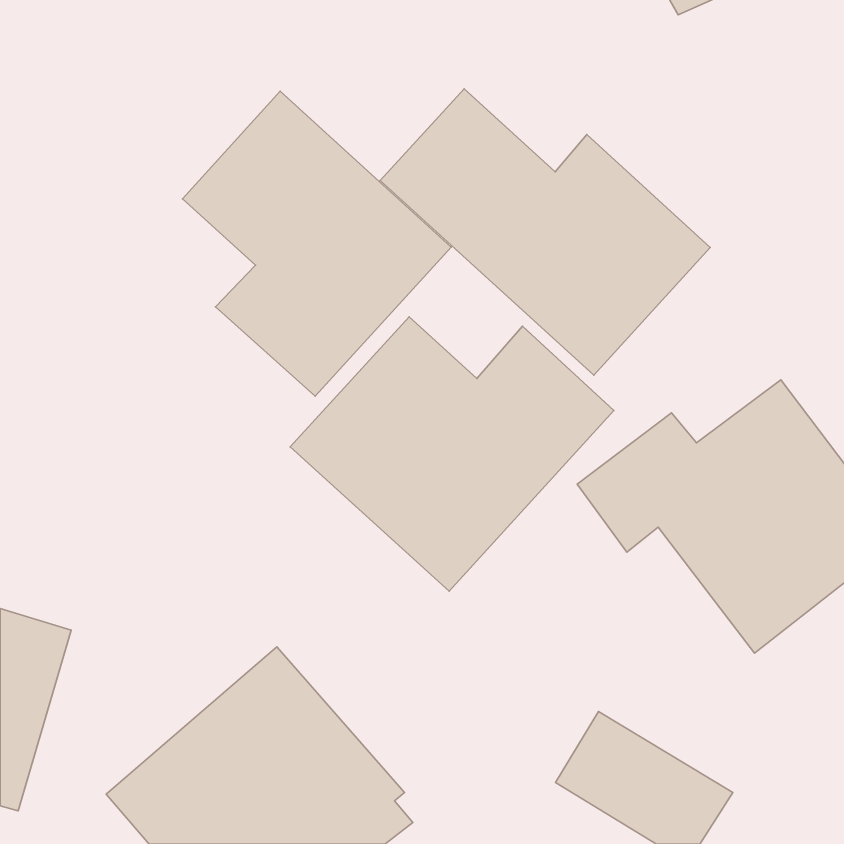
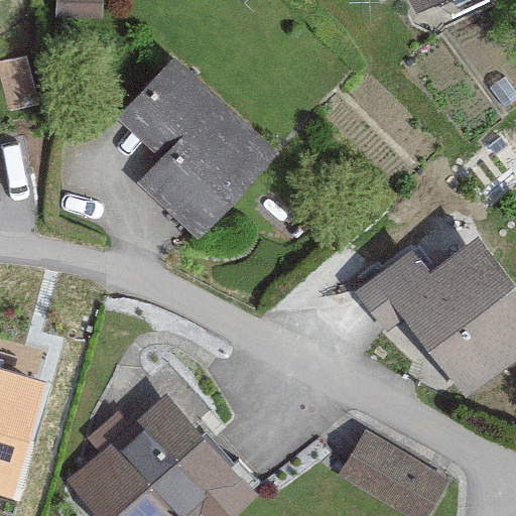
building: [380,89,710,375] -> none
building: [290,317,614,591] -> none

